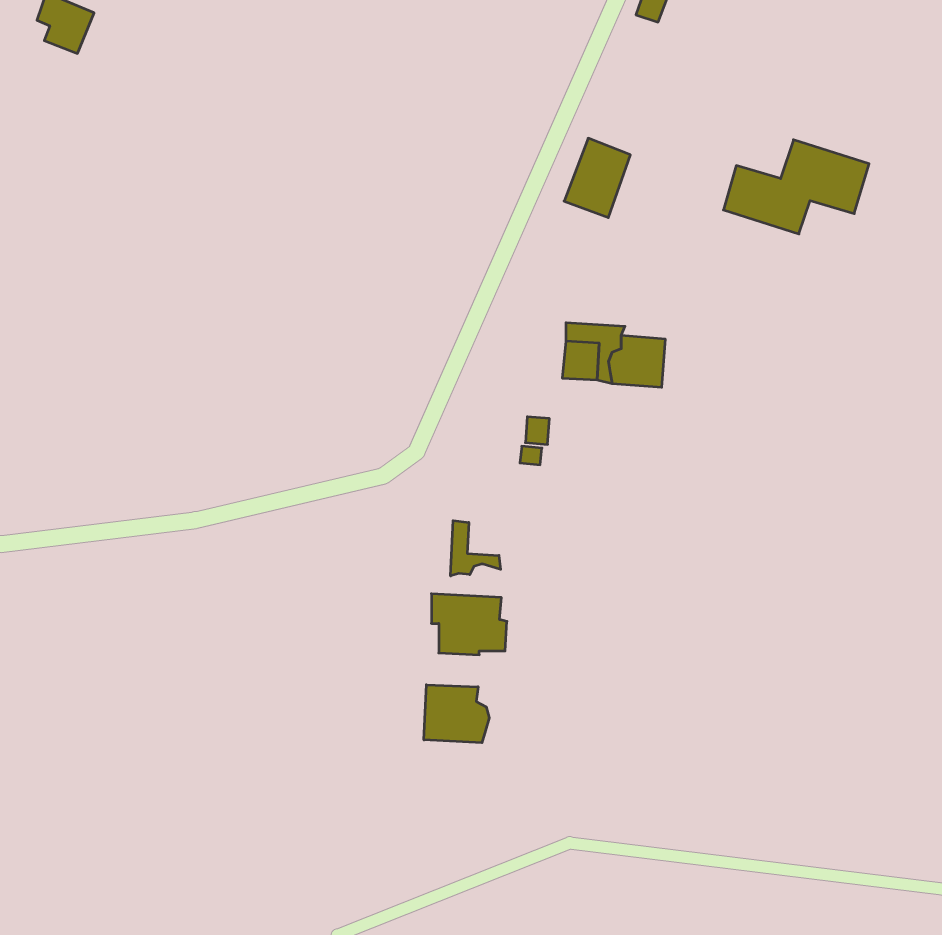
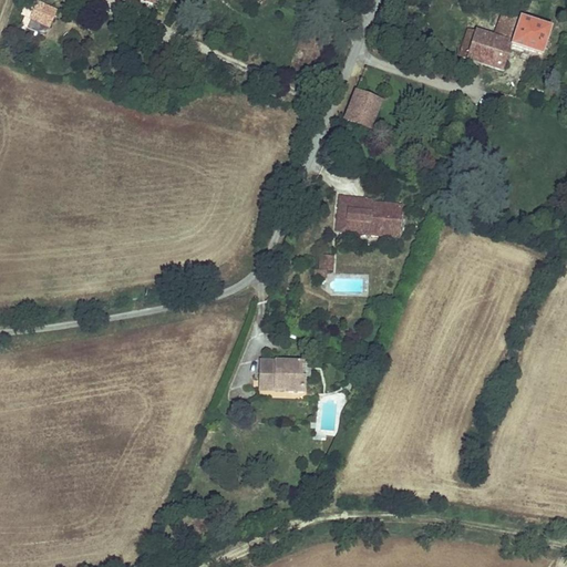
building: [723,140,869,234] -> [464,10,551,66]
building: [451,521,501,576] -> none
building: [424,685,489,743] -> none

